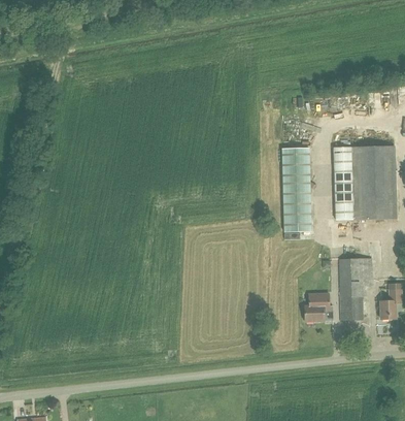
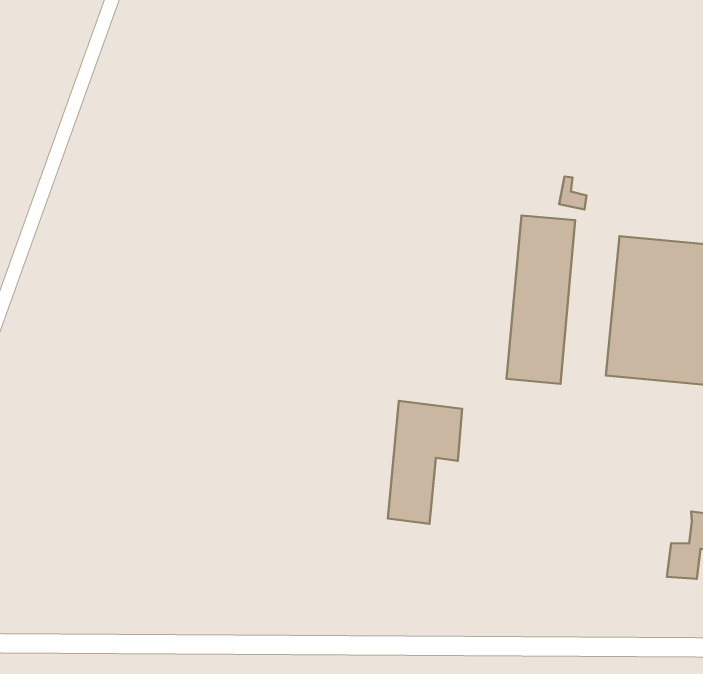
building: [338,258,372,319] -> [388,401,462,524]
building: [304,293,329,321] -> none

